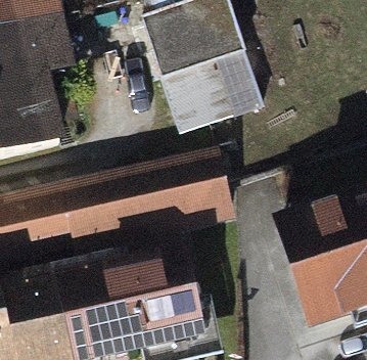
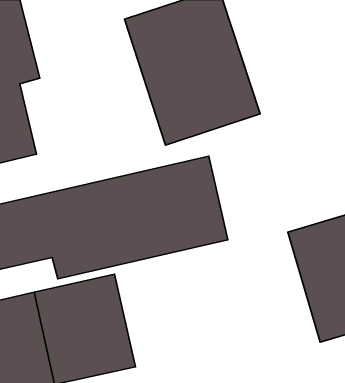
building: [131,243,212,350] -> none

